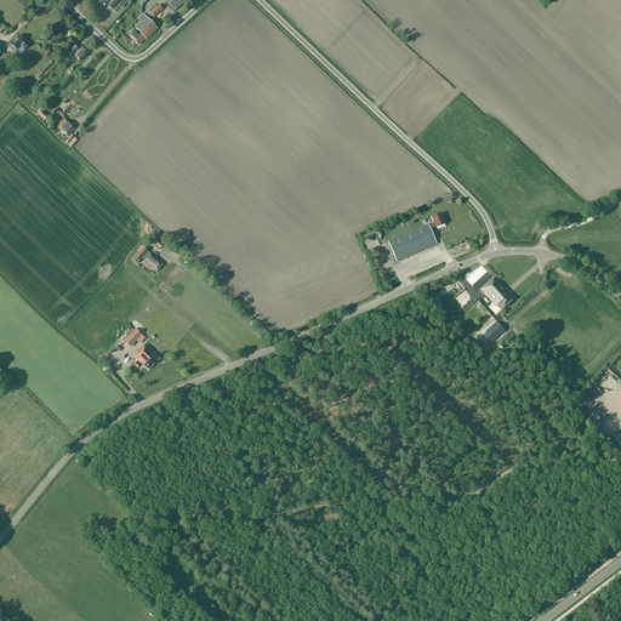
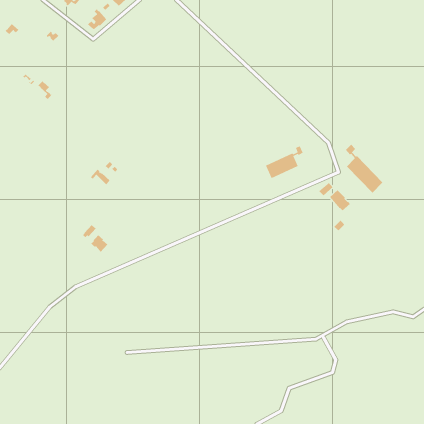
building: none -> [345,144,383,194]

